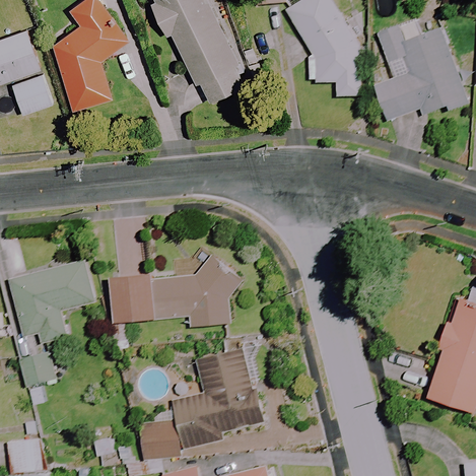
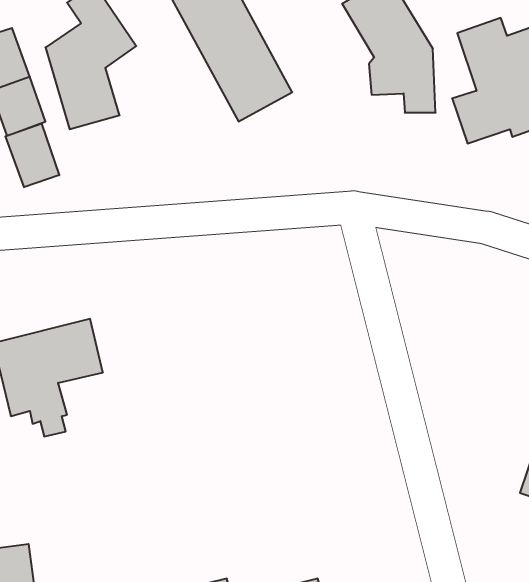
building: none -> [5,123,59,187]
building: [113,257,239,325] -> none
building: [138,348,264,463] -> none
building: [20,350,55,404] -> none

